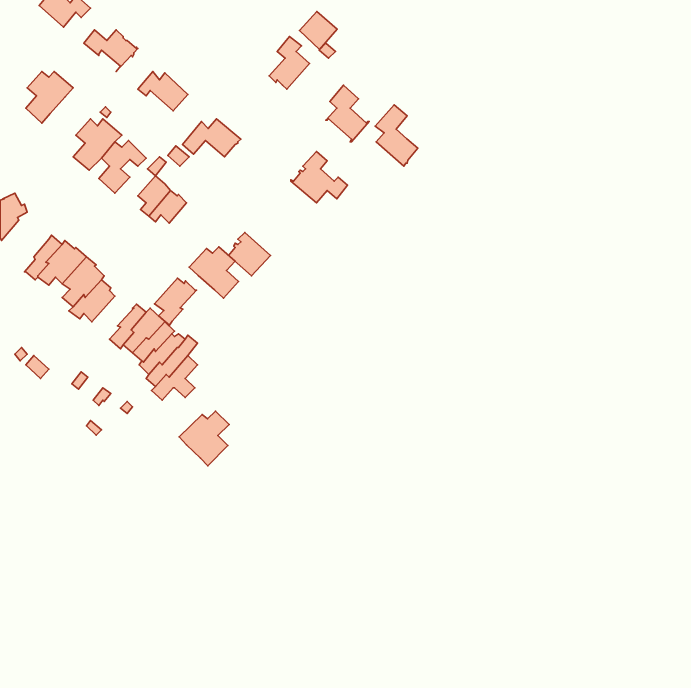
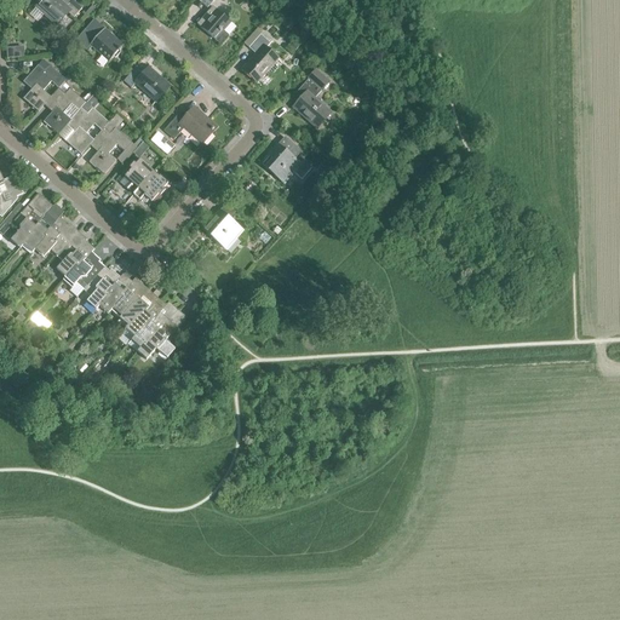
building: [299,12,337,50] -> [196,5,230,39]
building: none -> [44,86,86,133]
building: [375,105,418,166] -> none
building: none -> [10,193,44,247]
building: [189,247,238,298] -> none
building: [154,278,196,325] -> [82,265,120,308]
building: [179,411,229,466] -> none

